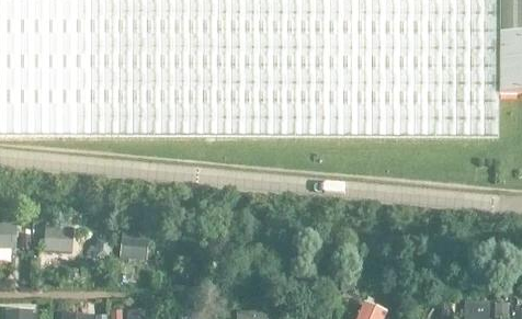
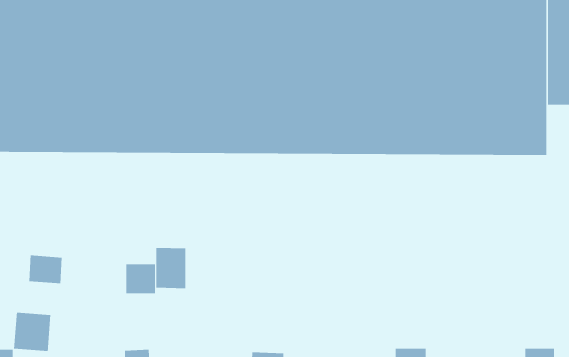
building: none -> [156,247,186,289]
building: none -> [13,312,51,352]

